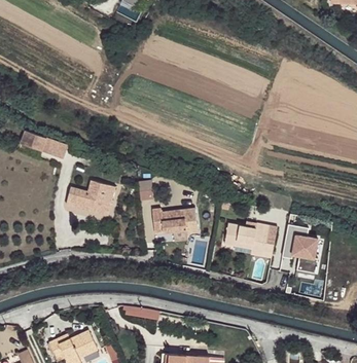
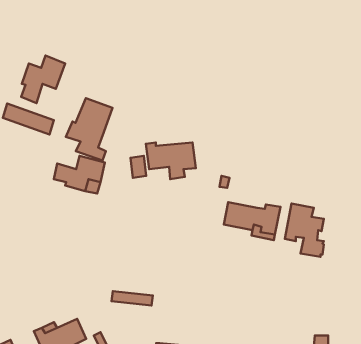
building: none -> [21,56,65,103]
building: none -> [66,98,113,161]
building: [152,209,199,243] -> [146,143,196,179]

